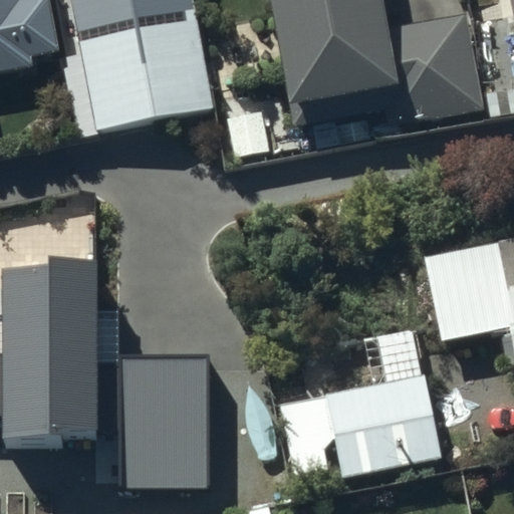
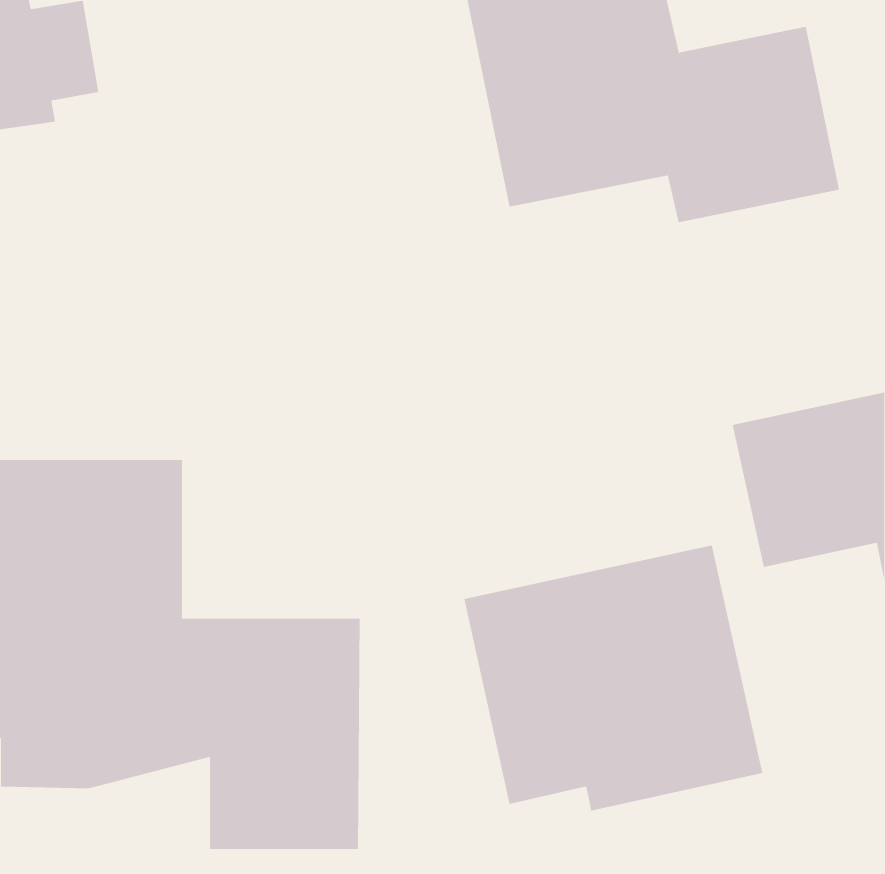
building: [75,13,211,134] -> none

